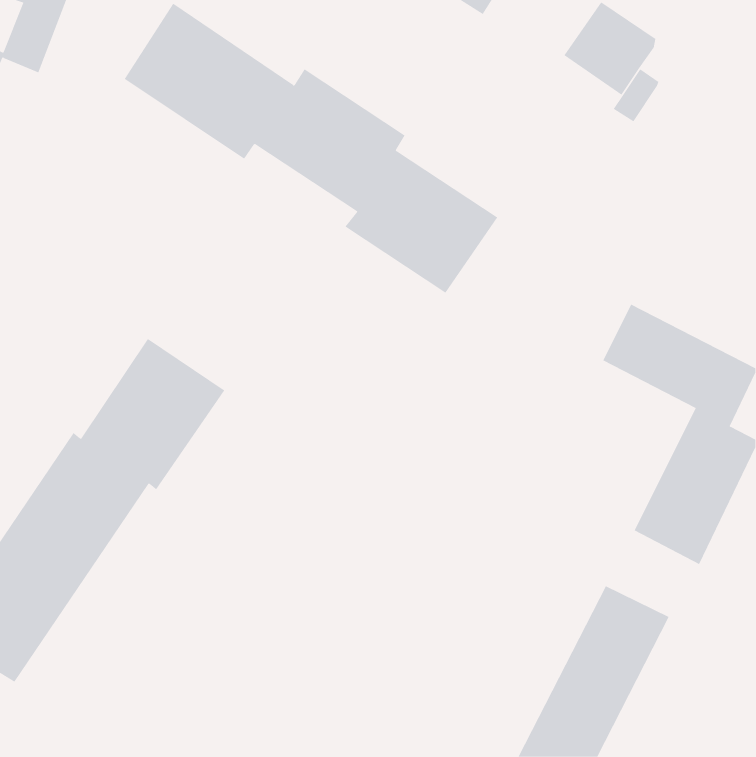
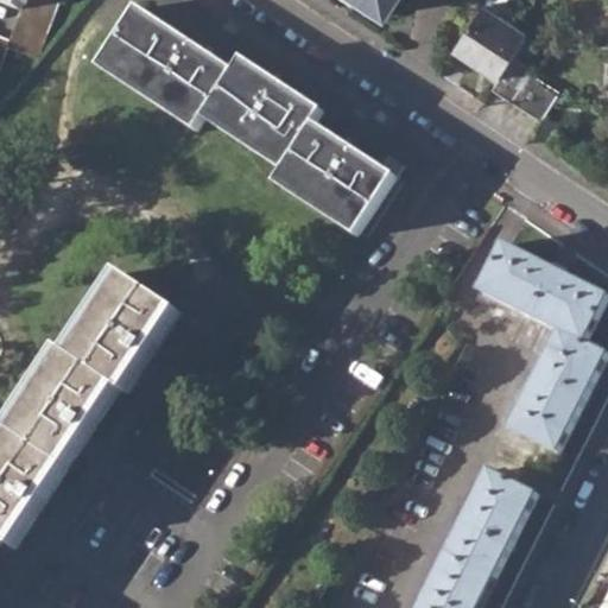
building: none -> [505,69,553,118]

